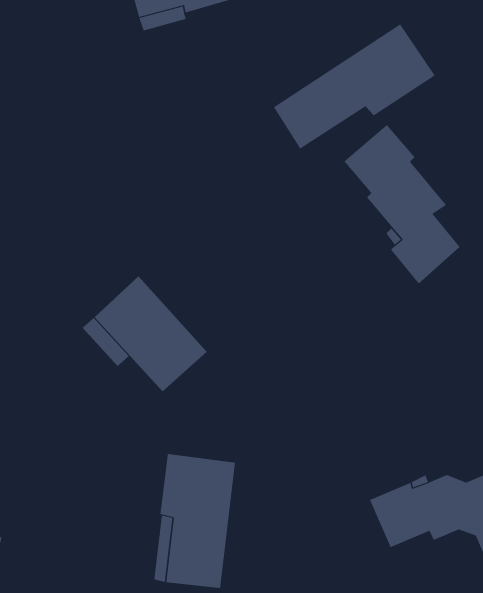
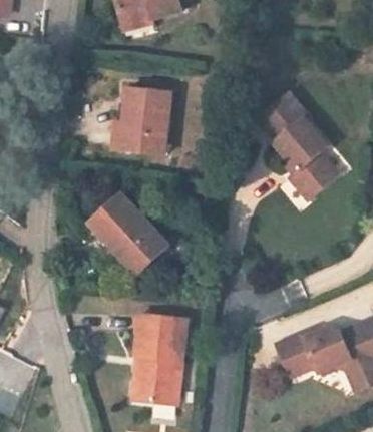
building: [273,24,435,150] -> none
building: none -> [114,87,171,155]

